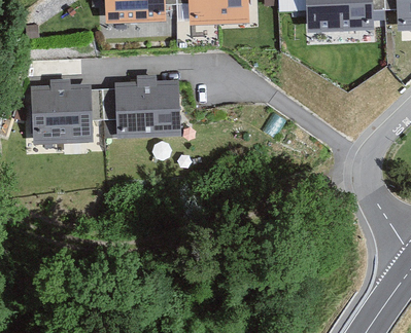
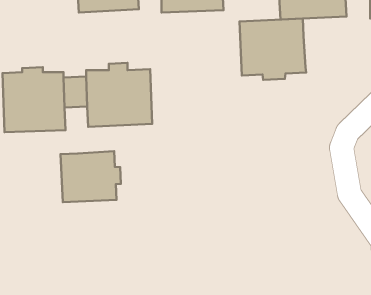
building: none -> [240,19,306,80]
building: none -> [60,151,121,202]

